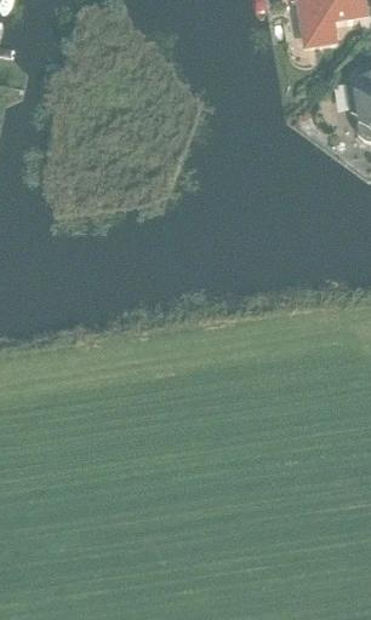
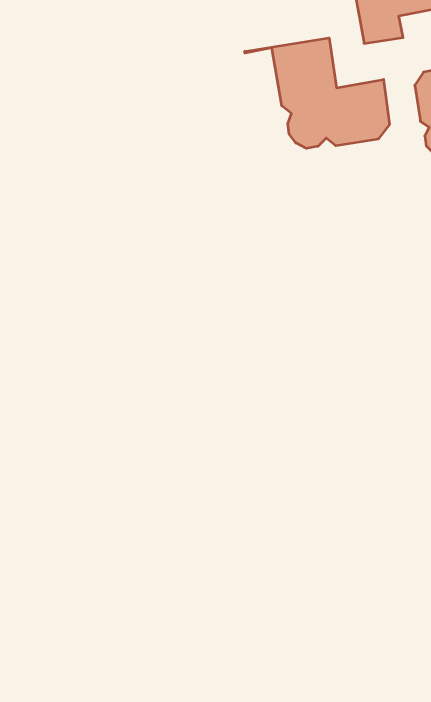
building: none -> [245,38,389,148]

